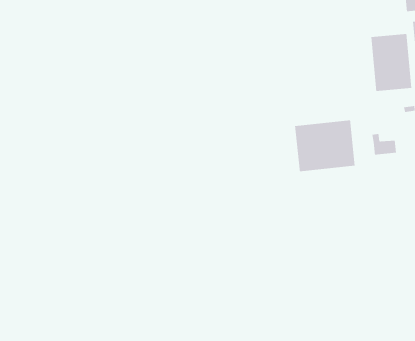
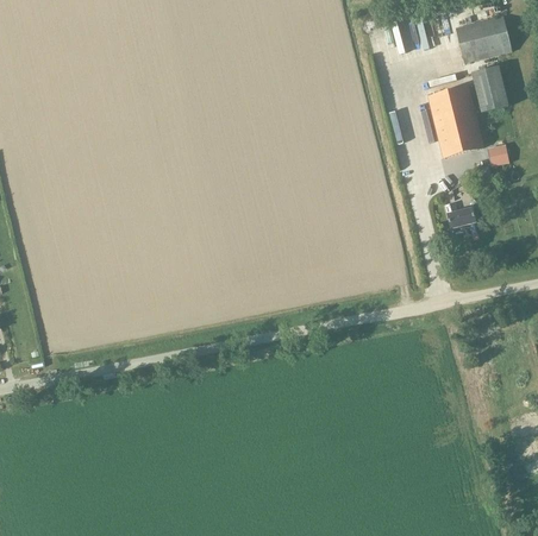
building: [294,120,355,172] -> none

